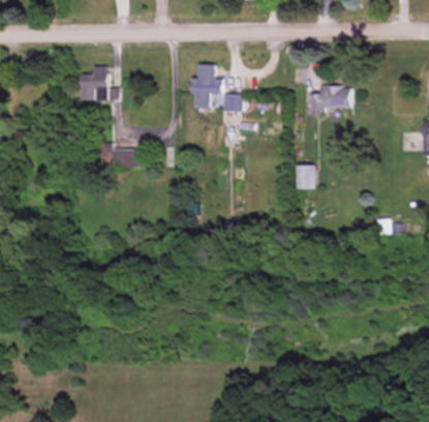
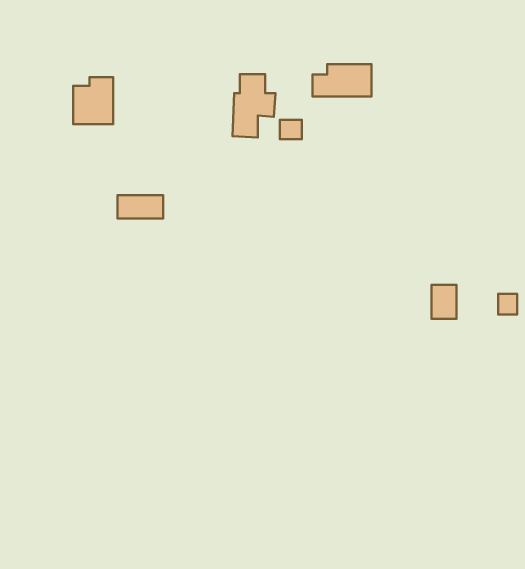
building: [309,86,350,109] -> [312,64,371,96]
building: [298,165,315,189] -> [431,285,456,319]

